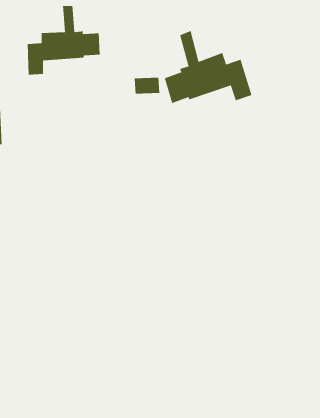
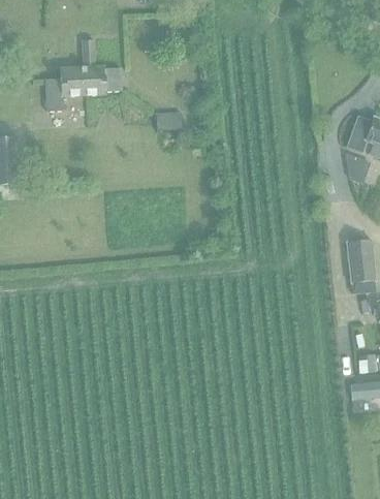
building: [164,30,252,104] -> none

